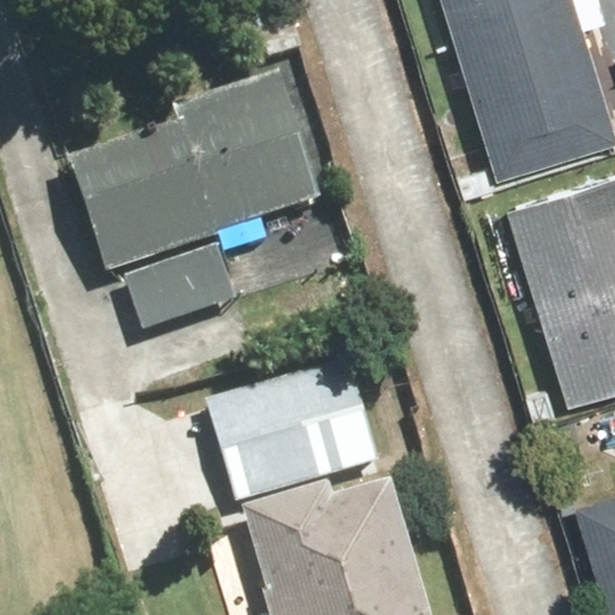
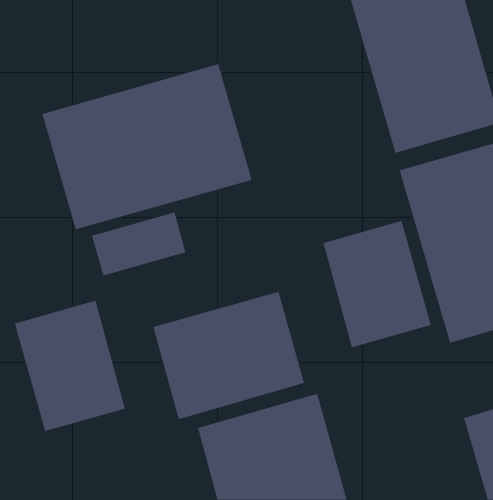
building: none -> [323,220,431,348]
building: none -> [14,300,126,432]

